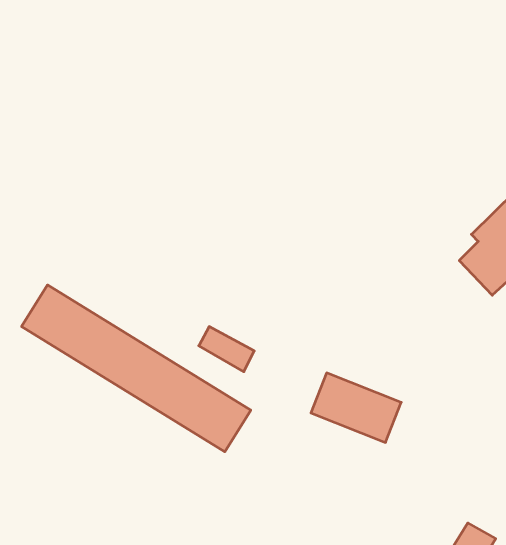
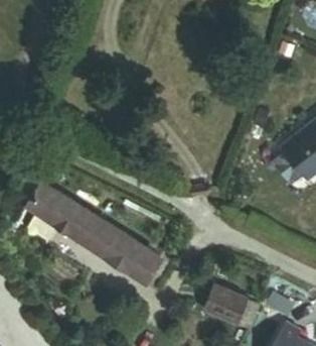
building: [311,373,401,442] -> [202,284,255,325]

